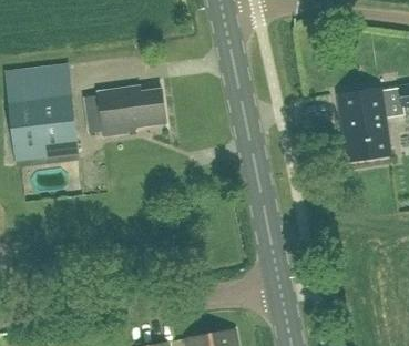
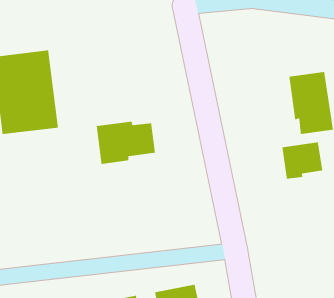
building: [98,85,165,135] -> [96,121,156,165]
building: none -> [281,141,323,180]

